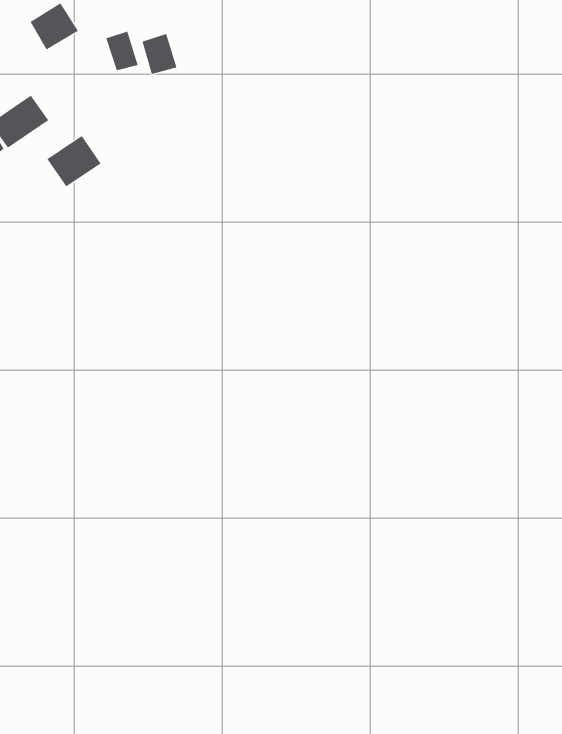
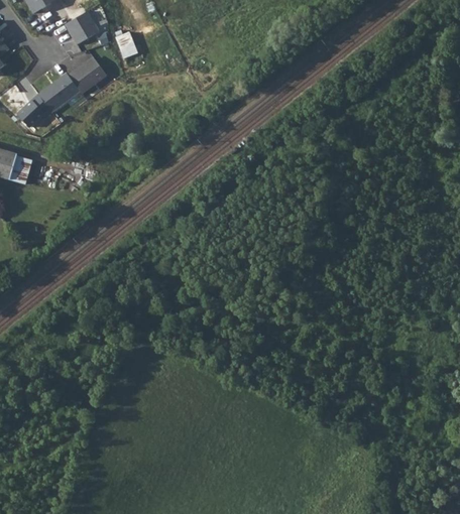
building: [142,33,177,75] -> none
building: [47,135,102,187] -> [69,55,106,91]

